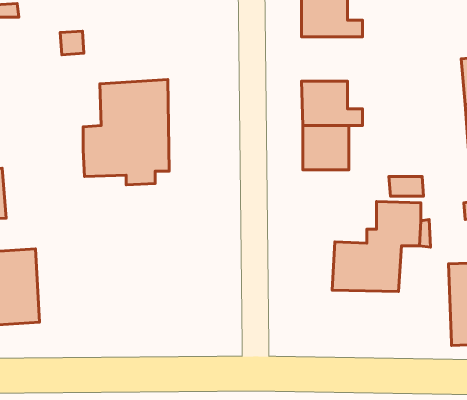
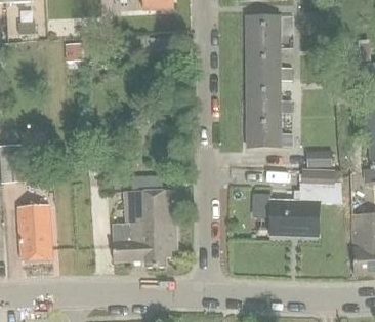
building: none -> [244,46,289,79]
building: [83,80,169,185] -> [111,188,174,266]

